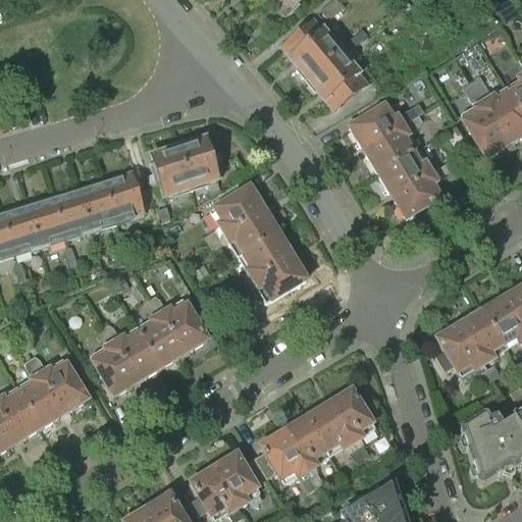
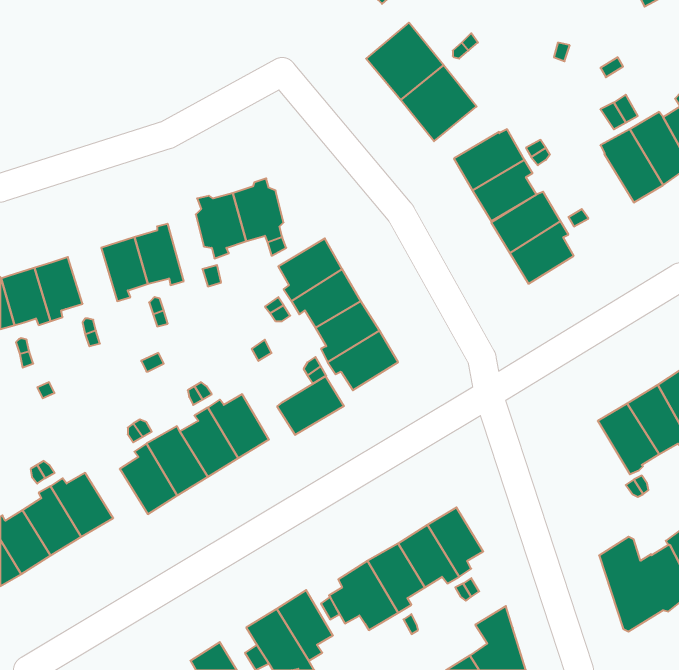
building: [53,190,91,233] -> none
building: none -> [277,376,344,435]
building: [435,322,483,375] -> none

